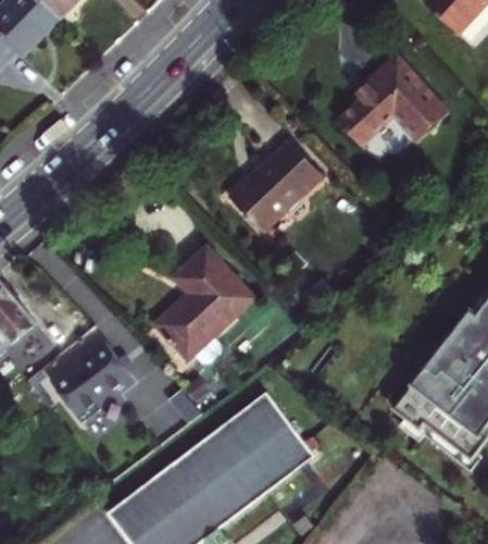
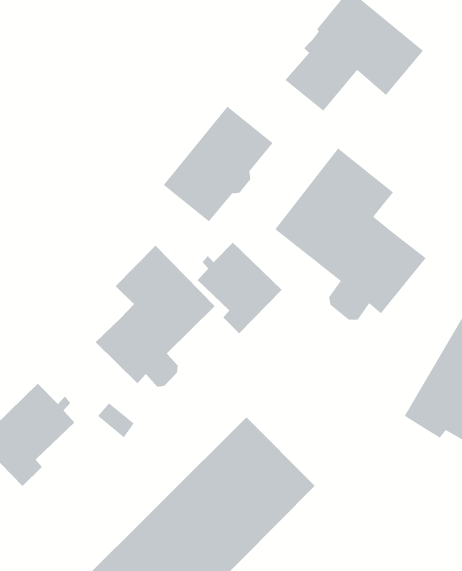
building: none -> [274,147,427,320]
building: none -> [197,242,282,334]

